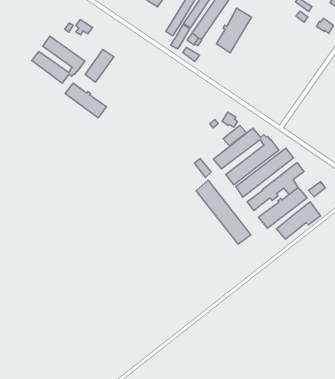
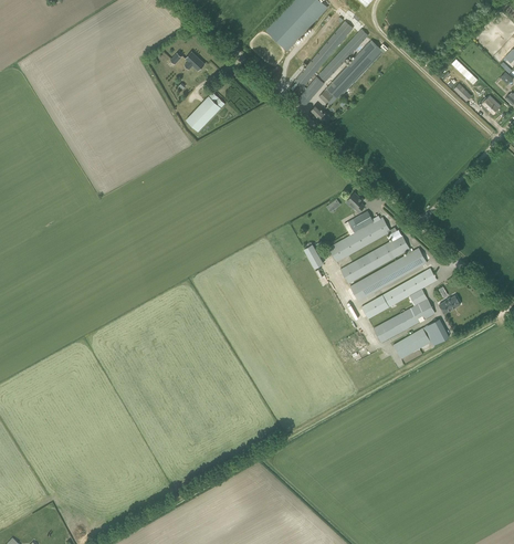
building: [216,8,251,53] -> none
building: [32,36,85,83] -> none
building: [65,83,107,118] -> none
building: [196,180,251,244] -> none

